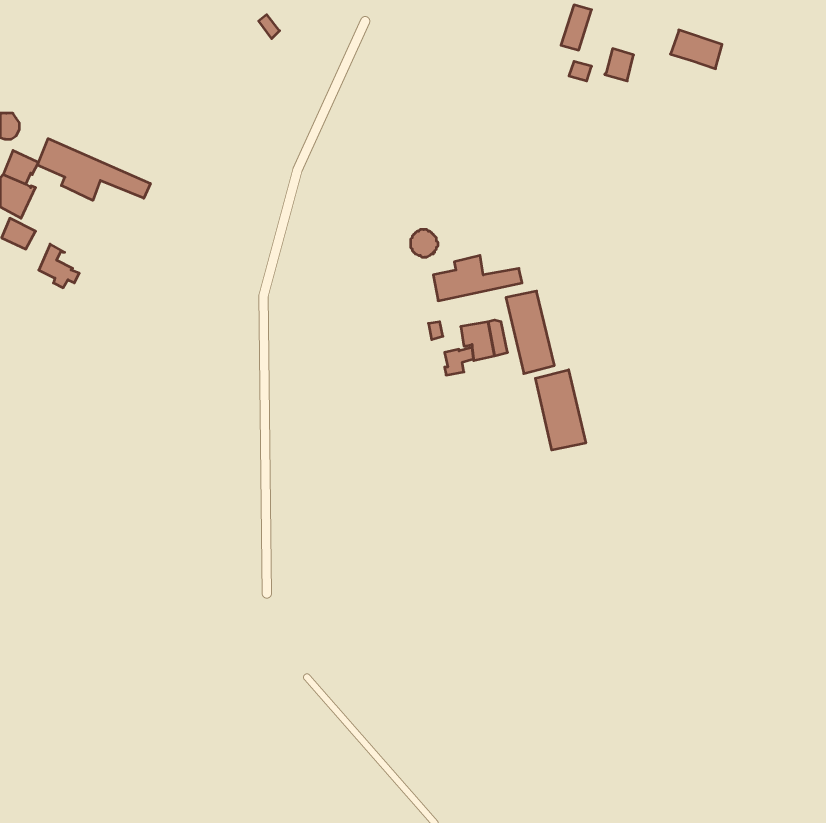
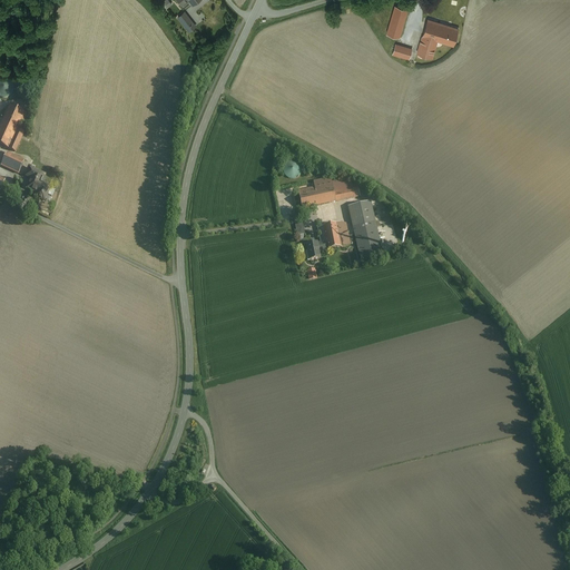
building: [670,30,722,69] -> [422,17,458,43]
building: [37,139,150,200] -> none
building: [535,370,586,450] -> none

